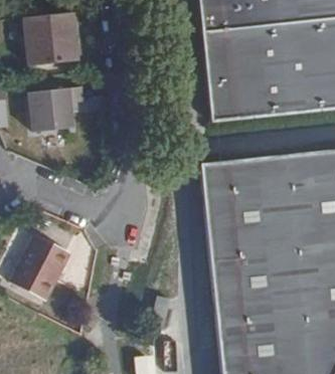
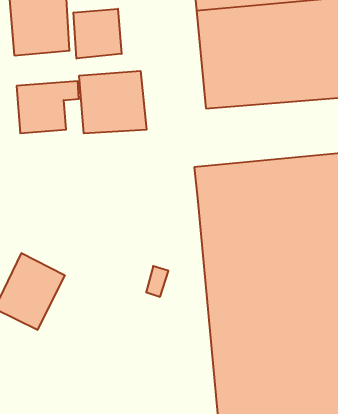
building: none -> [74,9,122,59]
building: none -> [79,71,146,133]

